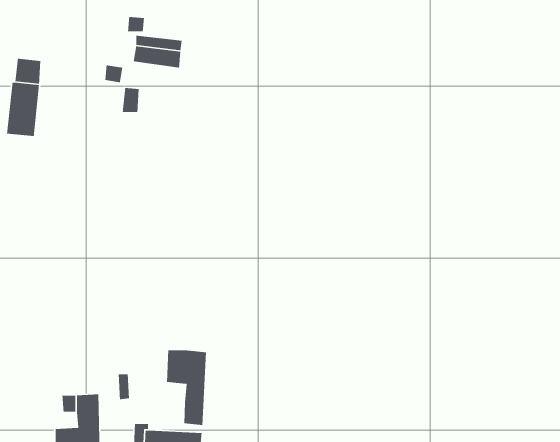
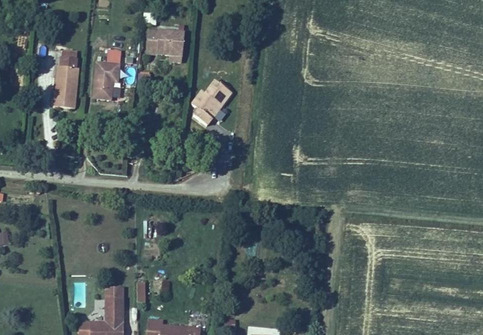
building: none -> [95,48,125,99]
building: none -> [190,77,231,123]
building: [166,349,207,426] -> none

